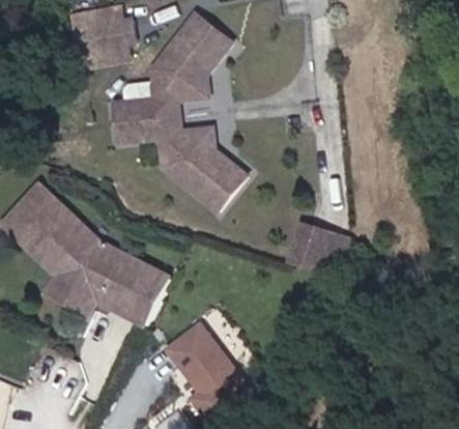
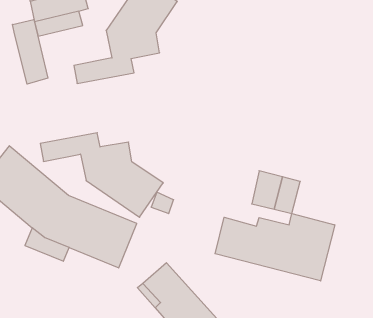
building: none -> [12,19,48,84]
building: [116,114,246,208] -> [40,133,163,217]
building: none -> [215,214,335,281]

